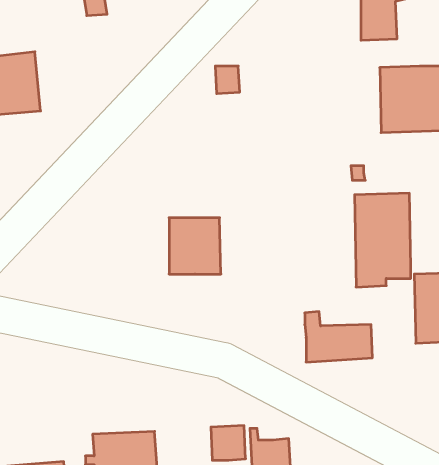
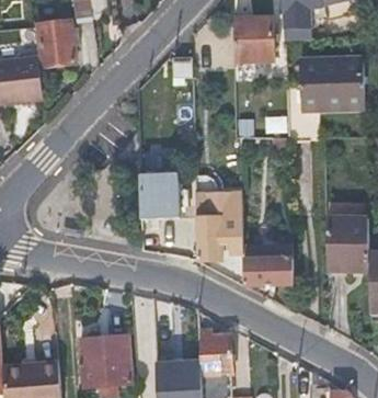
building: none -> [233,19,272,60]
building: none -> [37,24,71,65]
building: [355,193,411,287] -> [199,192,242,263]

